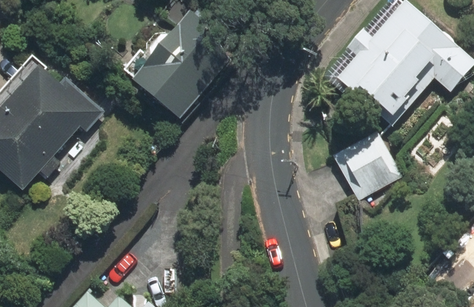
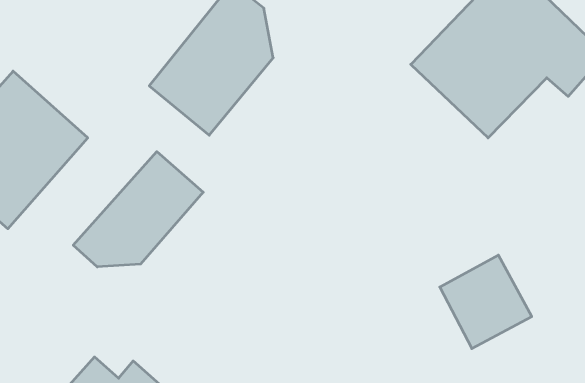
building: [329,128,398,198] -> [440,255,532,349]
building: none -> [73,152,203,267]

